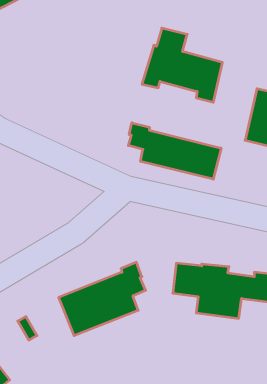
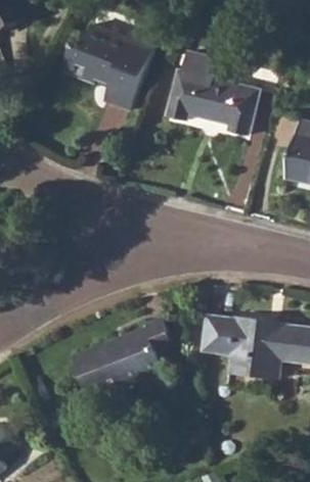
building: none -> [64,23,159,111]
building: [128,123,221,179] -> none

